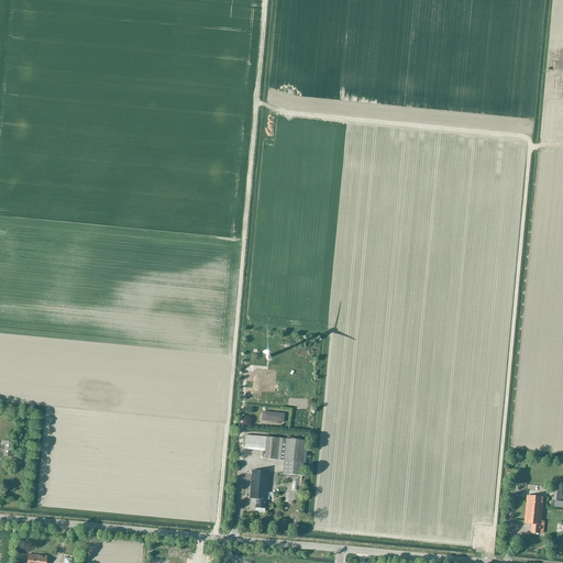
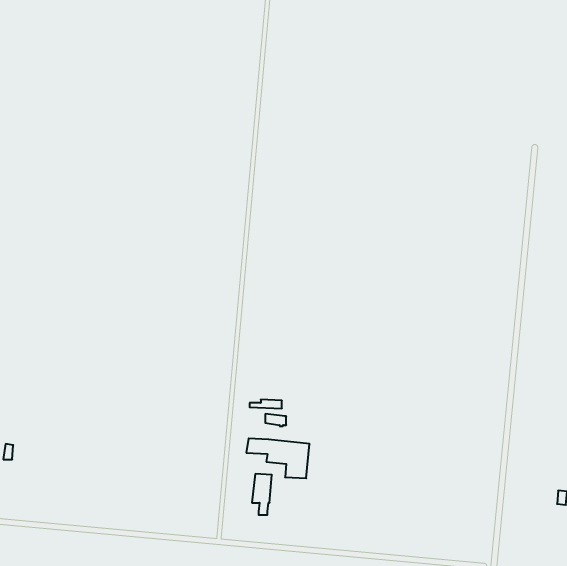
building: [525,494,544,533] -> none

